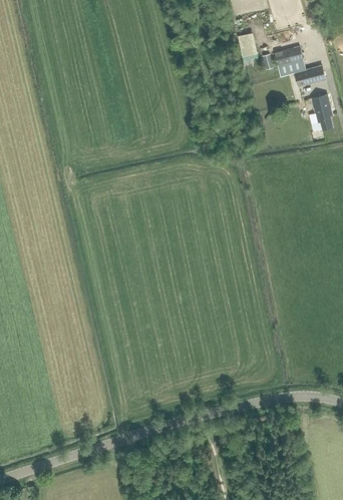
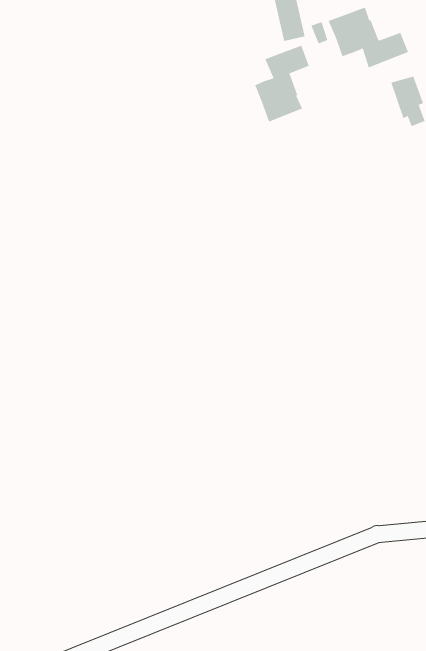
building: none -> [254,45,310,122]

